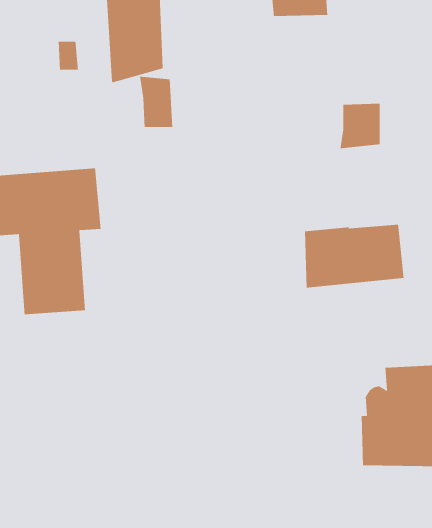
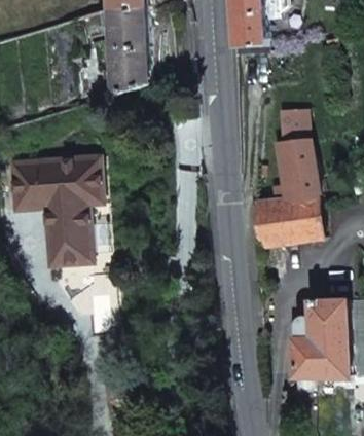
building: [139,76,173,128] -> none
building: none -> [278,140,321,201]

